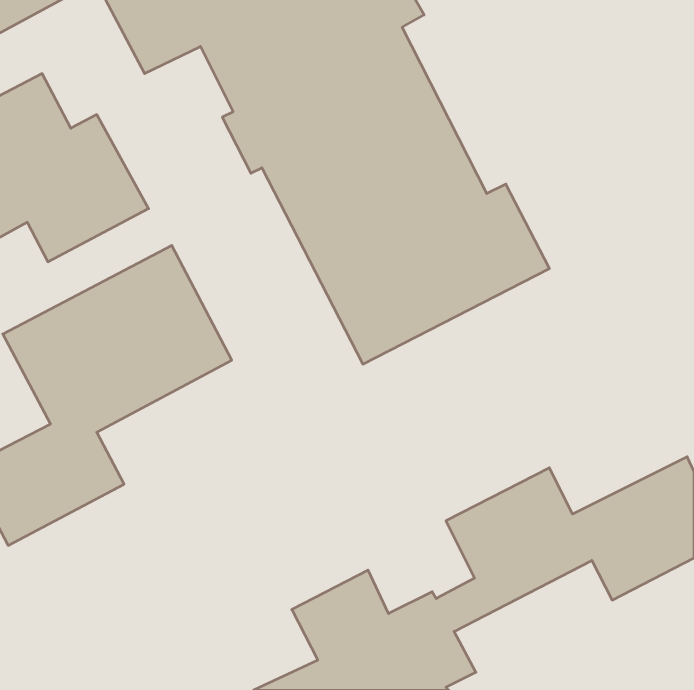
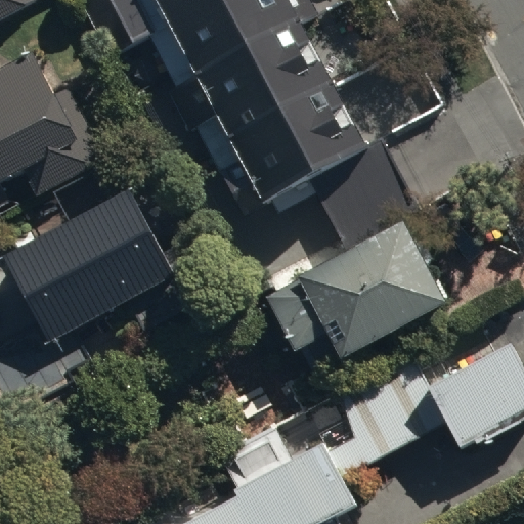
building: none -> [264,221,448,357]

